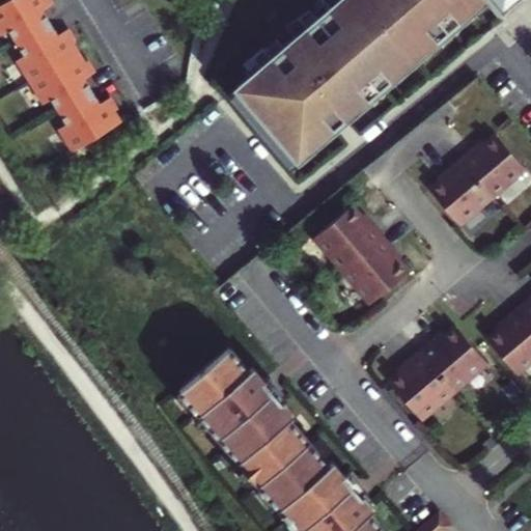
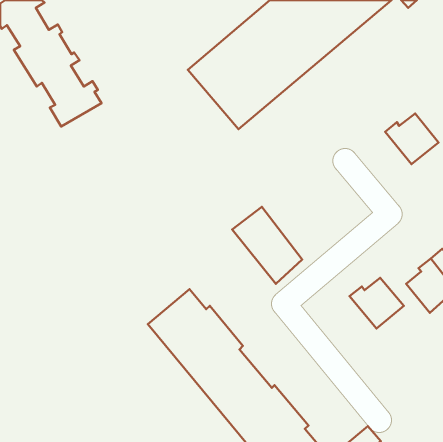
building: [432,162,493,226] -> none
building: [317,209,400,301] -> [232,207,302,284]
building: [391,357,451,421] -> none

